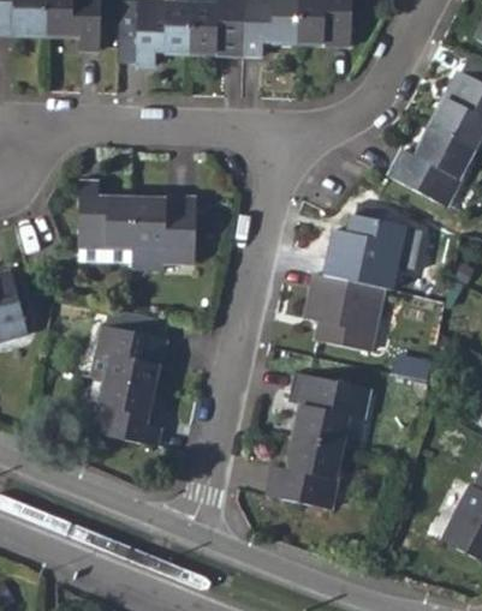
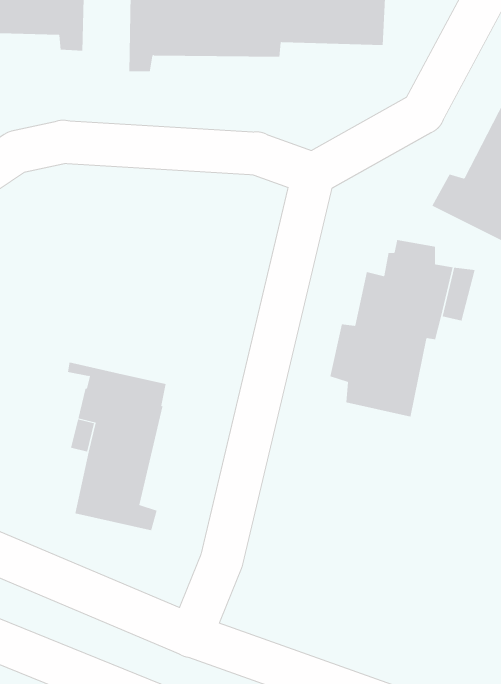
building: [78,181,196,271] -> none
building: [267,376,370,509] -> none

